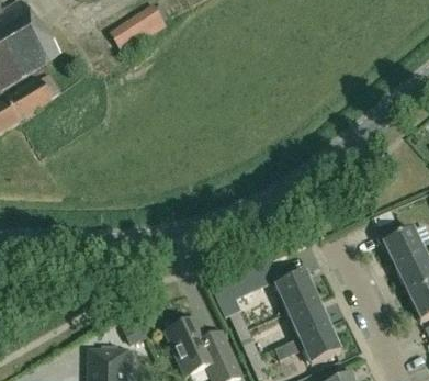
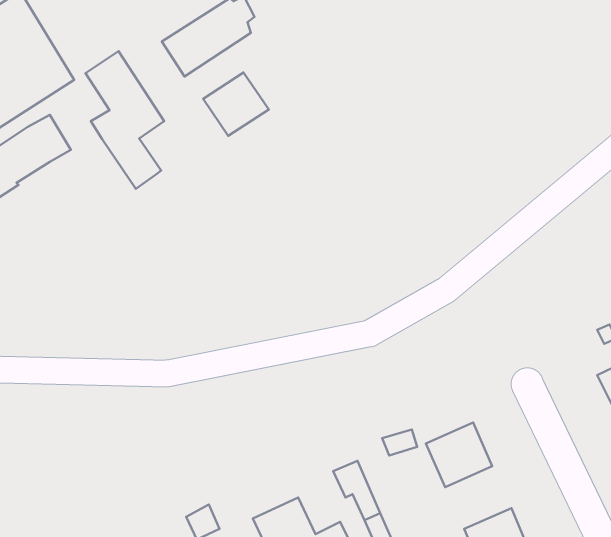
building: none -> [85,51,164,189]
building: none -> [203,73,269,136]
building: [287,296,329,336] -> none

